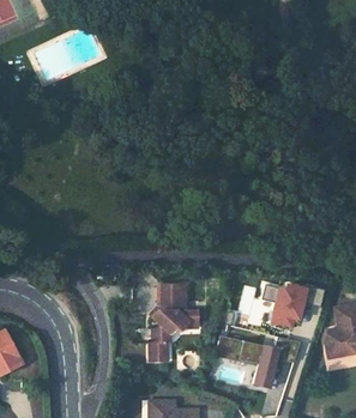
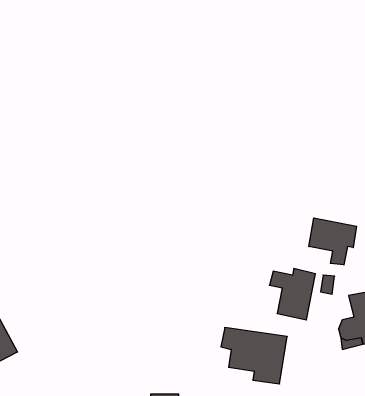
building: none -> [309,218,357,265]
building: [149,284,198,361] -> none

